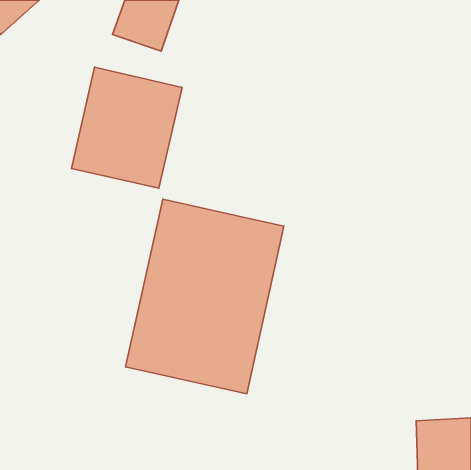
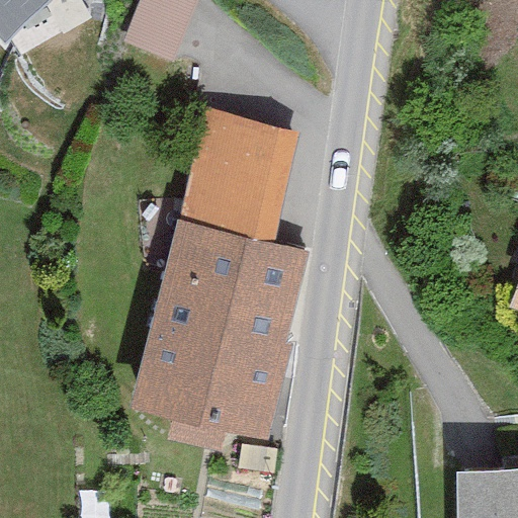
building: [71,67,182,188] -> [177,112,297,244]

